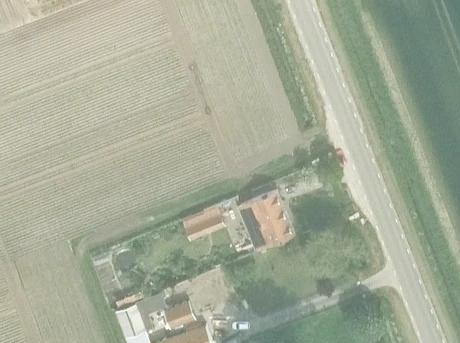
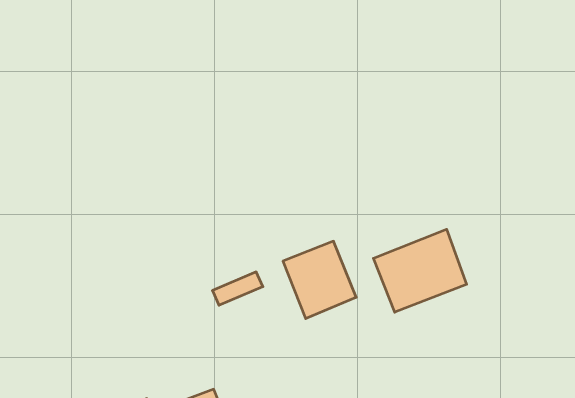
building: none -> [373,229,467,312]

